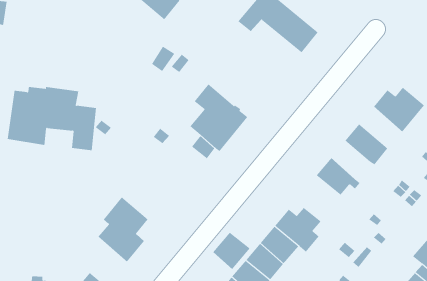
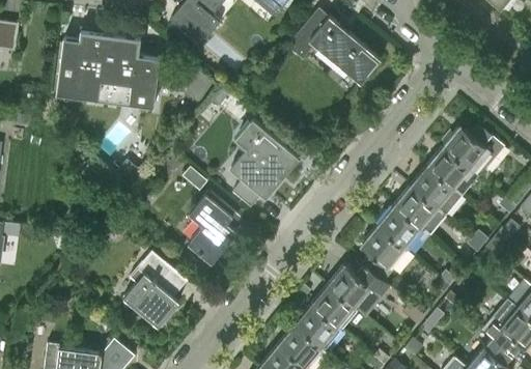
building: [7,87,97,151] -> [56,34,161,109]
building: none -> [427,146,478,196]
building: none -> [395,186,440,230]
building: none -> [188,191,237,263]
building: none -> [361,226,407,280]
building: [212,232,250,270] -> none

